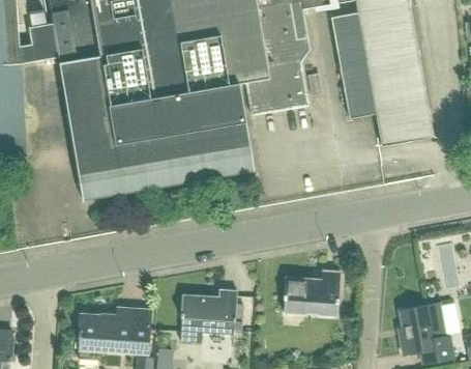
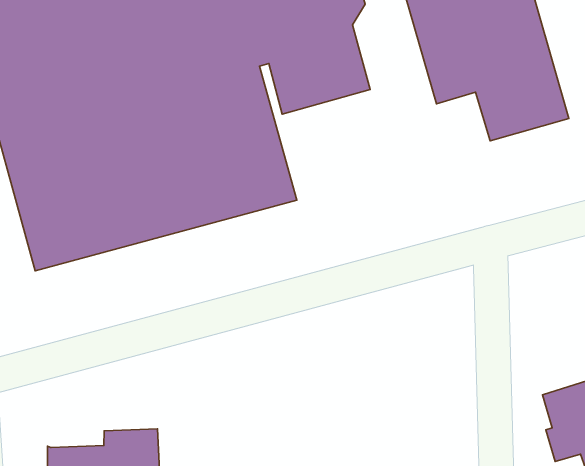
building: [283,269,340,315] -> none
building: [180,288,237,334] -> none

